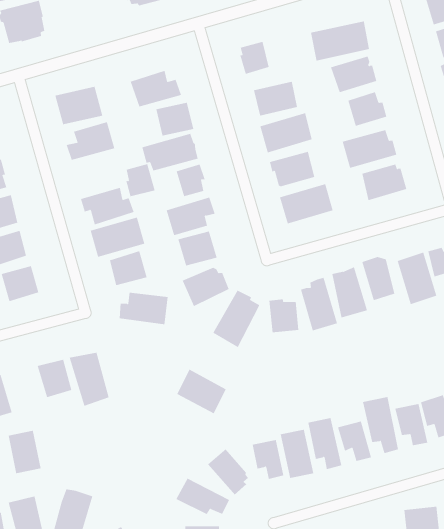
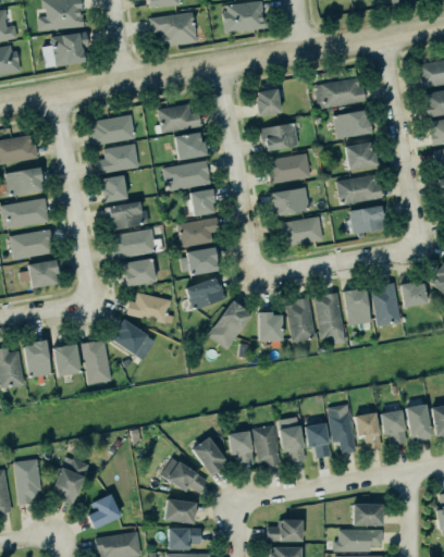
building: [126,163,156,197] -> [101,174,126,201]
building: [177,369,227,414] -> [113,320,157,361]
building: [8,430,41,474] -> [26,342,52,377]

